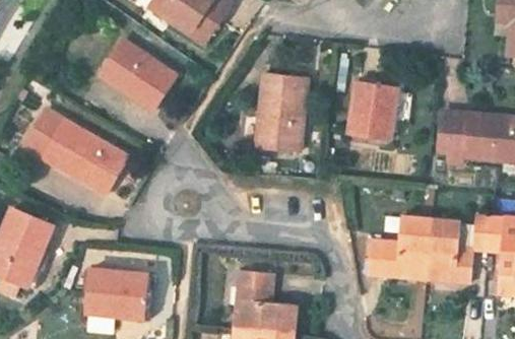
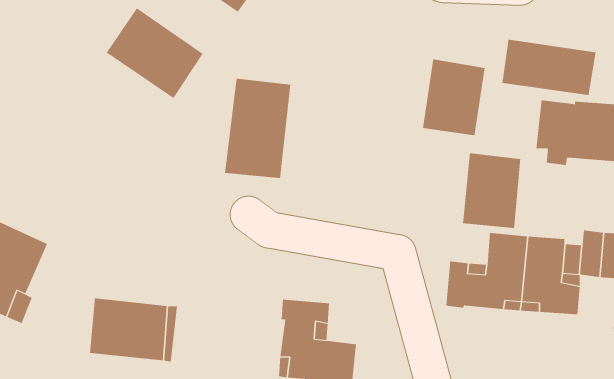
building: none -> [502,39,596,96]
building: [254,72,307,151] -> [224,78,291,178]
building: [23,109,127,195] -> none
building: none -> [463,153,521,229]

